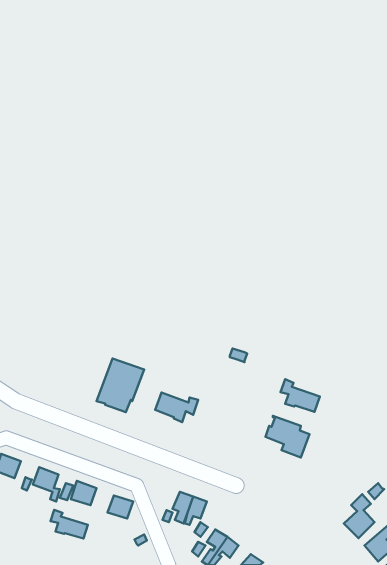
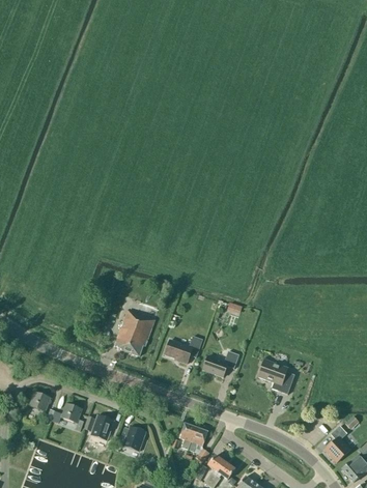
building: [280,379,320,412] -> none
building: none -> [202,350,238,376]
building: [50,510,88,538] -> none

